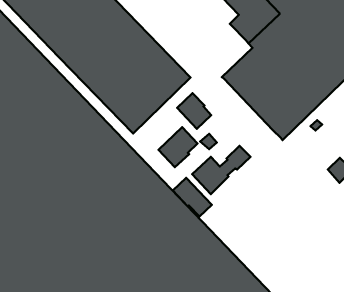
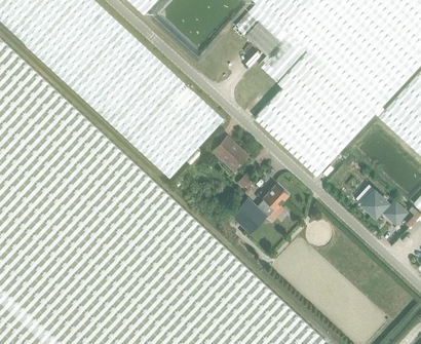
building: [158,127,197,167] -> none
building: [173,178,212,216] -> none

